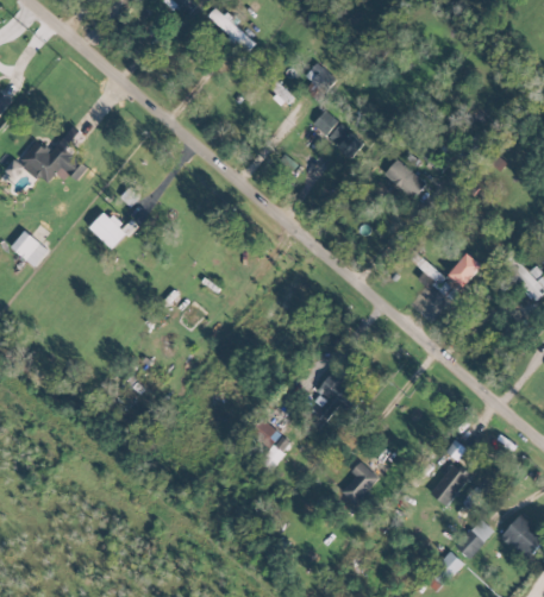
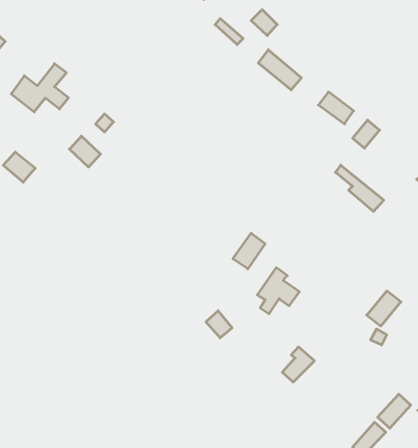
building: [449,252,481,285] -> [353,120,380,148]
building: none -> [233,233,265,269]
building: [429,464,469,505] -> [367,291,401,326]

